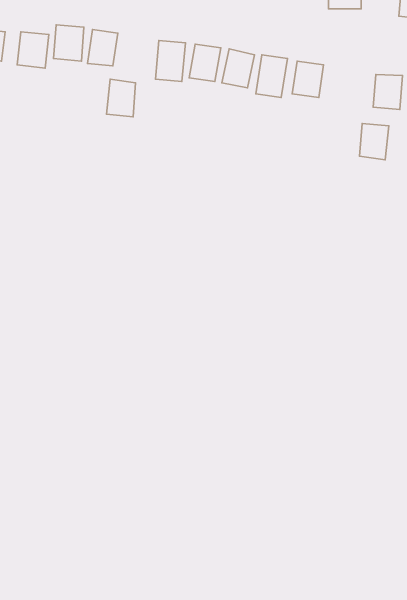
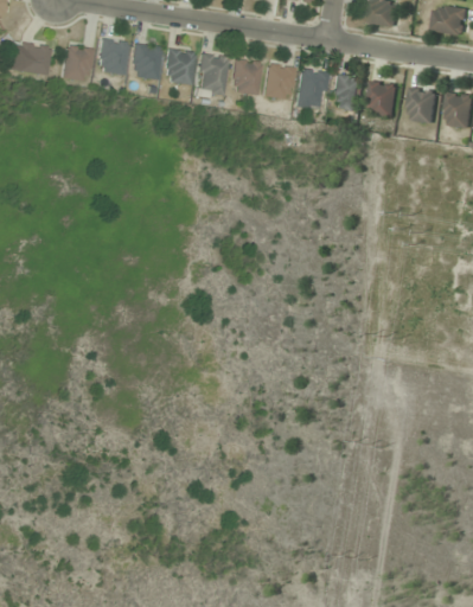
building: [106,79,135,117] -> [162,47,191,84]
building: [360,123,389,160] -> [369,81,397,116]

